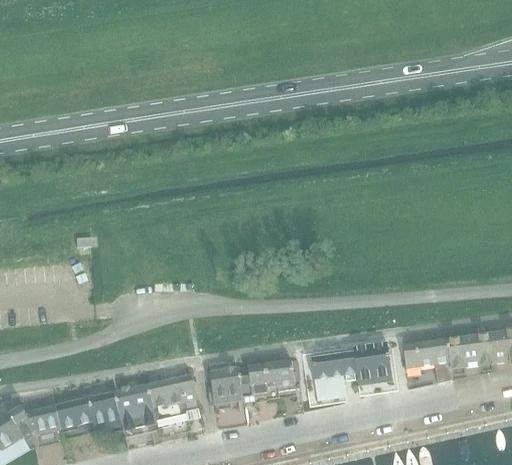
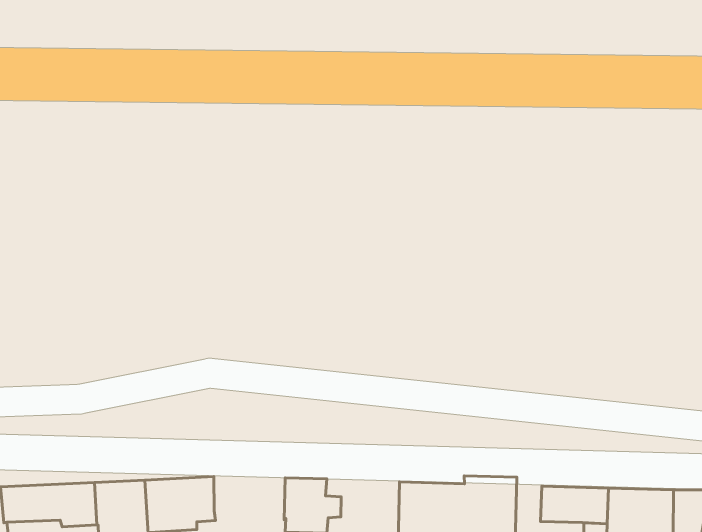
building: [263,357,299,385] -> none
building: [209,366,240,397] -> none

